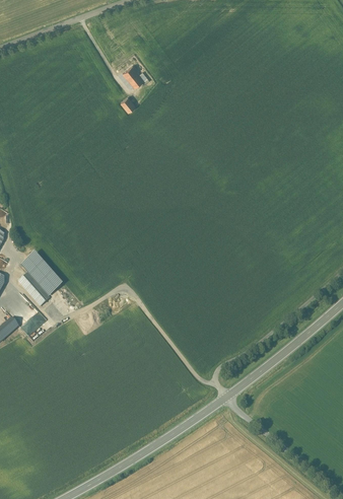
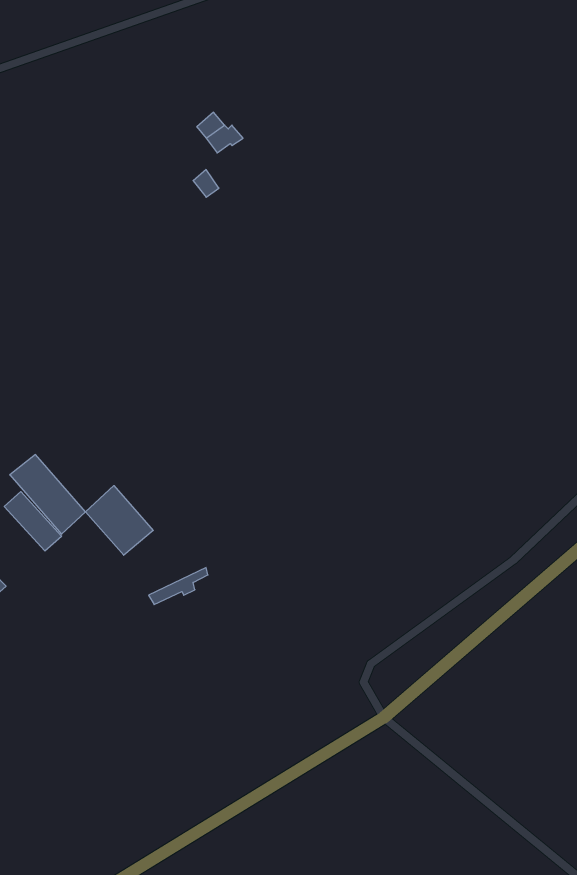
building: none -> [86,486,153,555]

